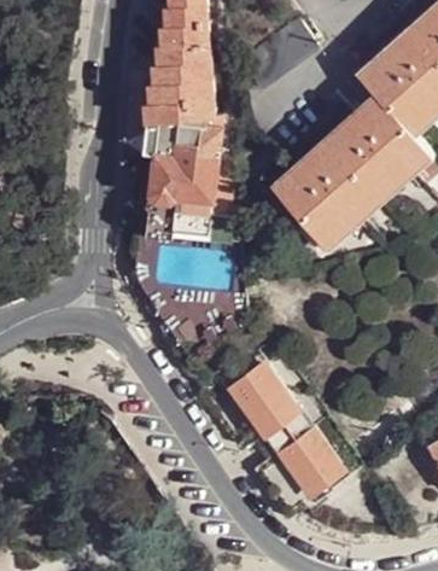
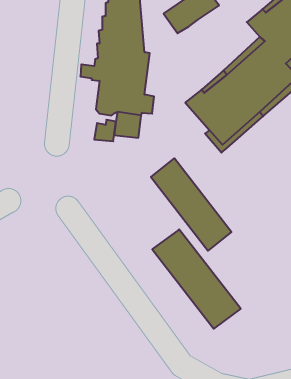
building: none -> [151,158,231,251]

